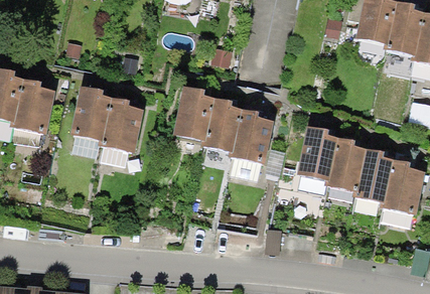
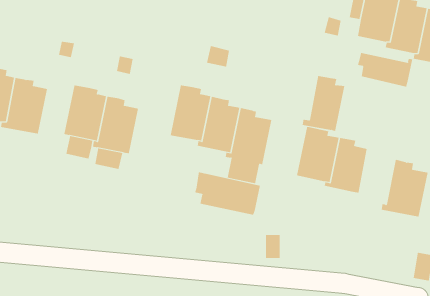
building: none -> [357,52,413,87]
building: [351,148,394,202] -> [302,76,345,131]
building: none -> [195,172,260,215]

